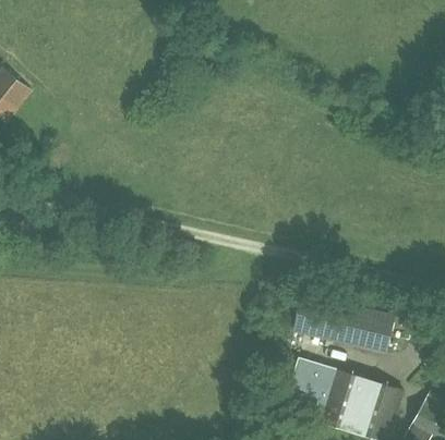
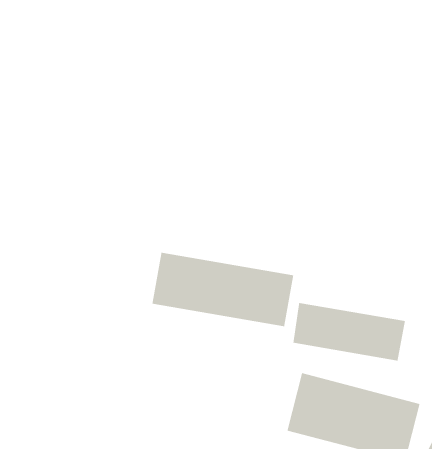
building: none -> [151,252,294,327]

